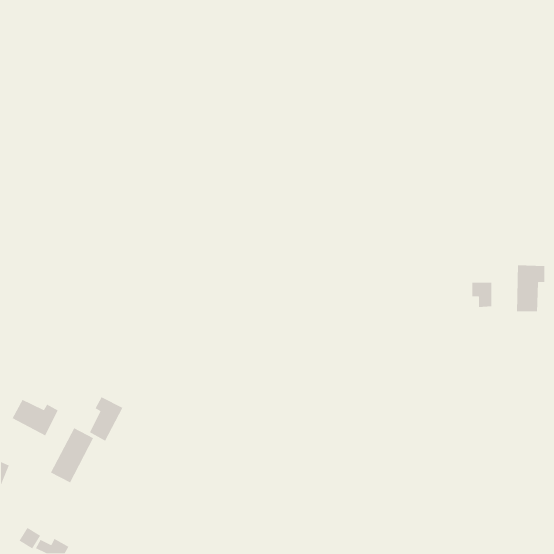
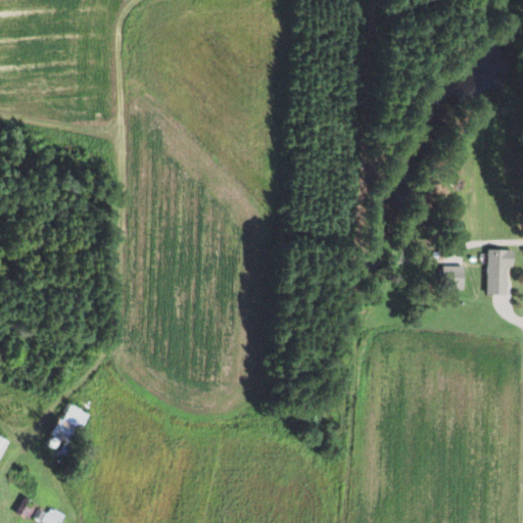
building: [89,396,124,442] -> none
building: [12,399,59,436] -> none

